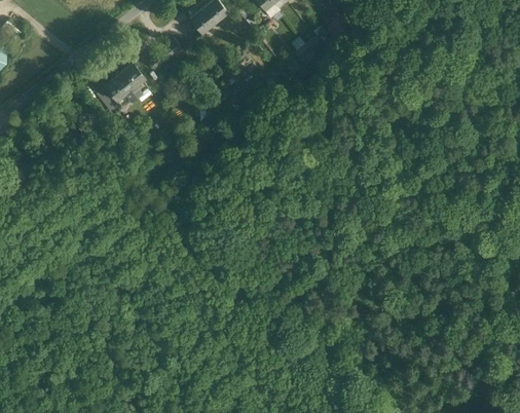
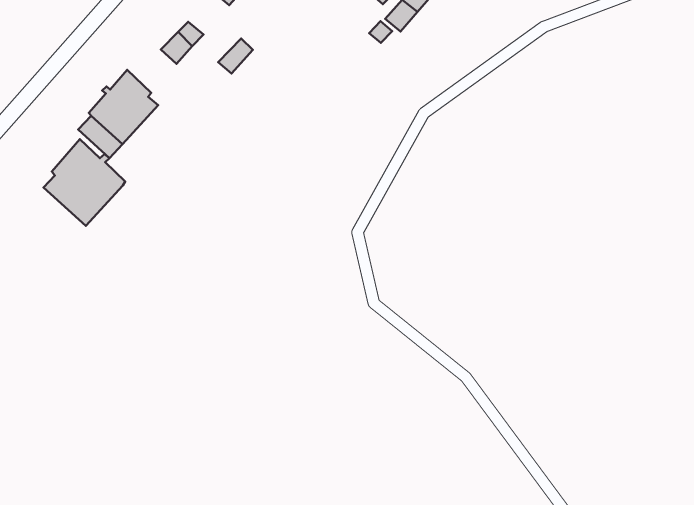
building: none -> [43,139,125,226]

